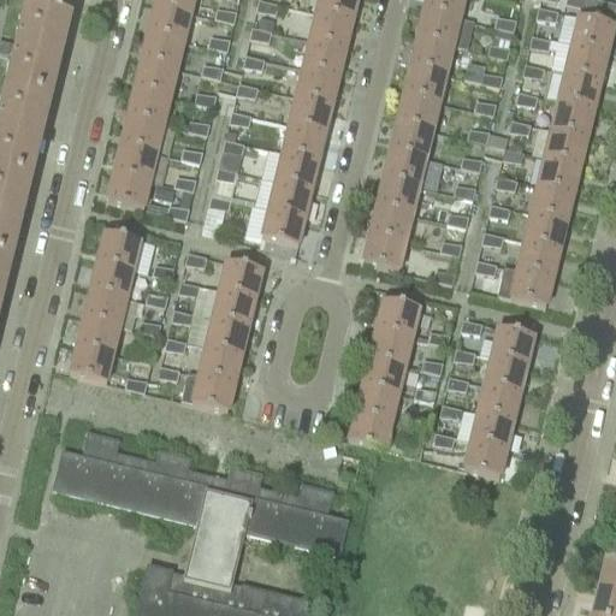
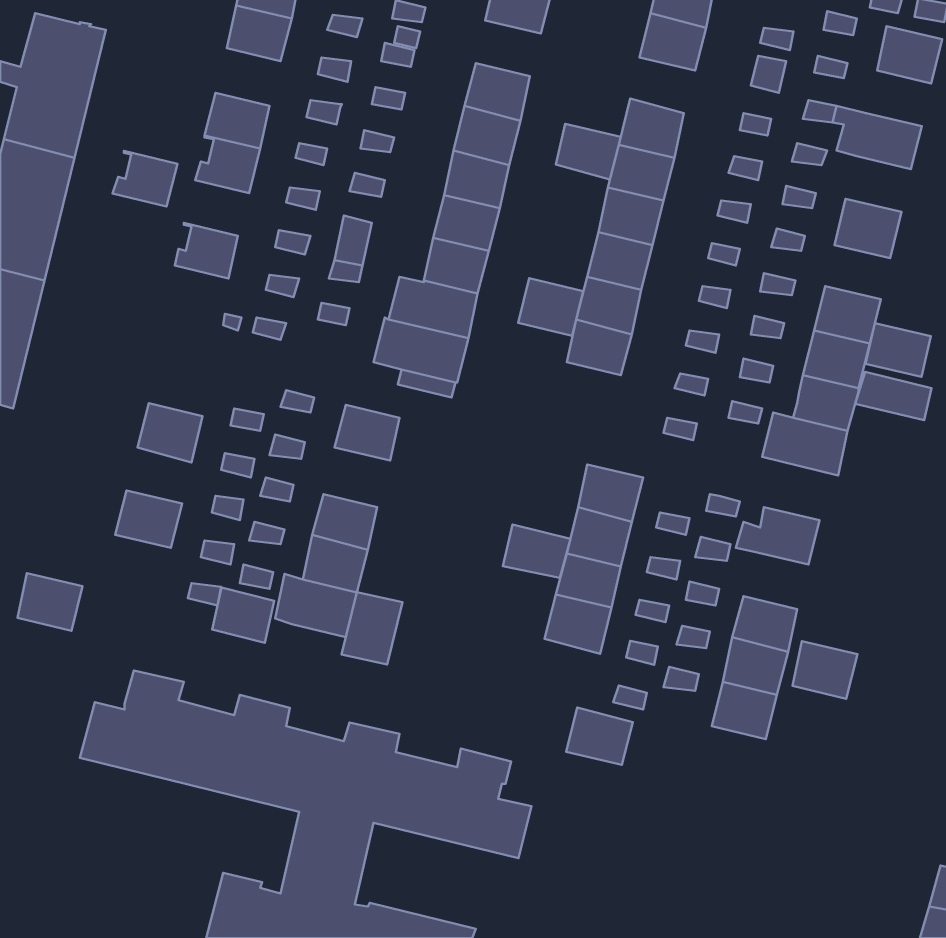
building: [310,13,353,49] -> none
building: [142,31,184,69] -> none
building: [410,37,452,73] -> [556,124,621,179]
building: [563,46,605,82] -> none
building: [550,101,592,137] -> none
building: [122,117,164,153] -> [113,151,178,207]
building: [537,159,579,194] -> [866,323,931,377]
building: [108,172,150,211] -> none
building: [99,233,141,270] -> none
building: [362,235,404,272] -> [518,278,583,336]
building: none -> [855,372,931,420]
building: [84,290,126,326] -> none
building: [212,290,255,328] -> none
building: none -> [503,524,570,578]
building: [71,346,113,384] -> [17,573,83,631]
building: [484,357,526,395] -> [792,641,857,699]
building: none -> [212,588,274,643]
building: none -> [341,592,403,664]
building: [348,414,391,451] -> [566,707,633,765]

